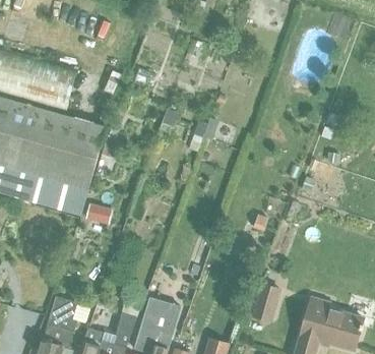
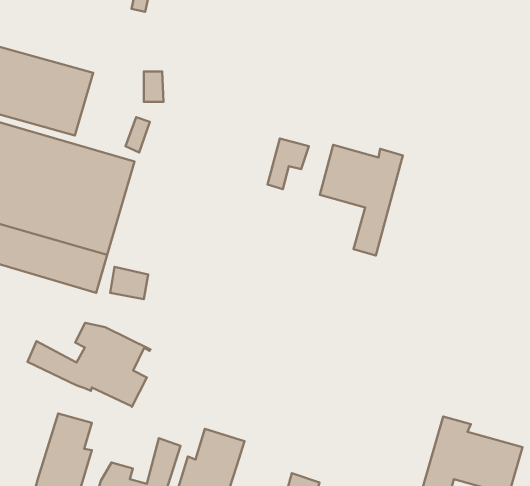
building: none -> [320,145,403,256]
building: none -> [28,323,151,407]
building: [252,284,278,320] -> none

